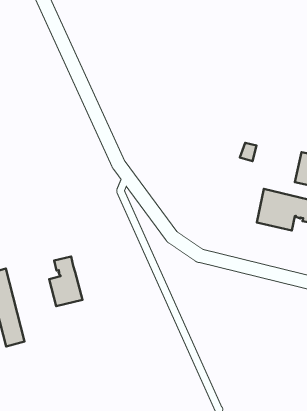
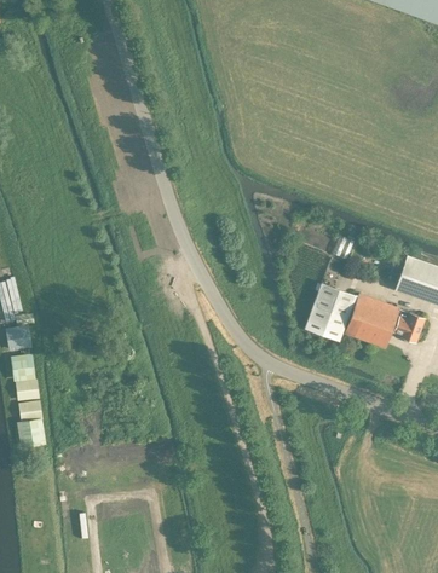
building: none -> [302,282,355,340]
building: [49,256,83,306] -> none

